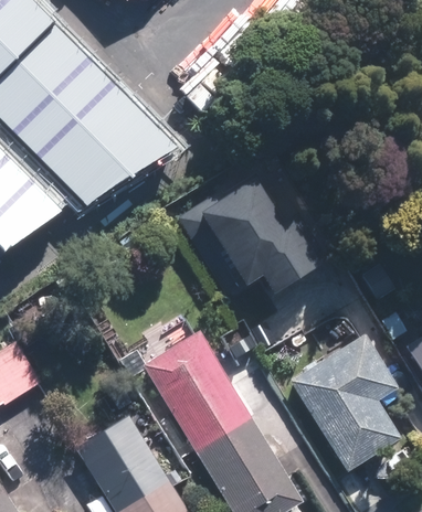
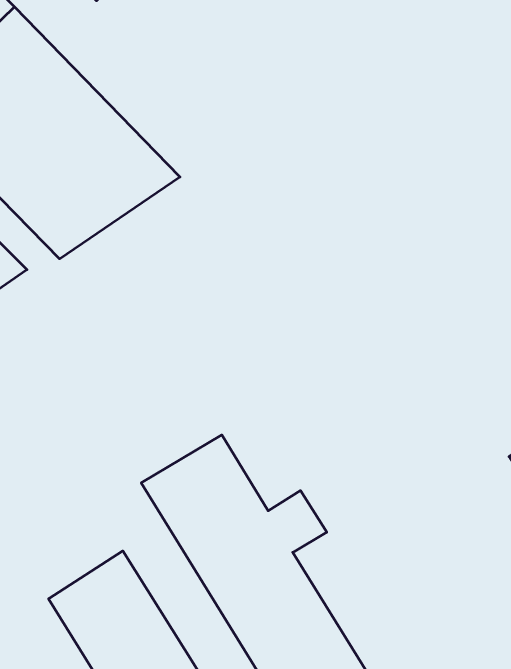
building: [201,177,323,292] -> none
building: [291,332,402,471] -> none

